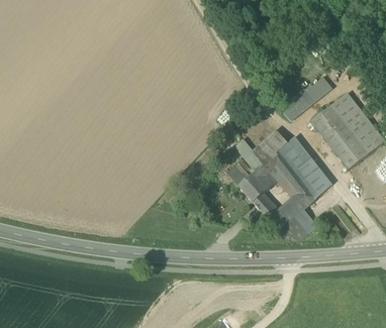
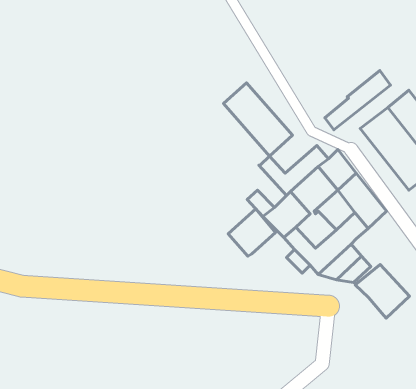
building: none -> [223,83,292,156]
building: [257,148,293,185] -> [228,209,276,256]
building: none -> [355,265,409,318]

